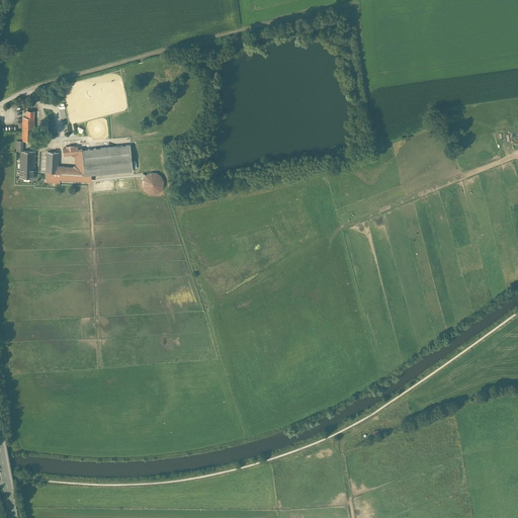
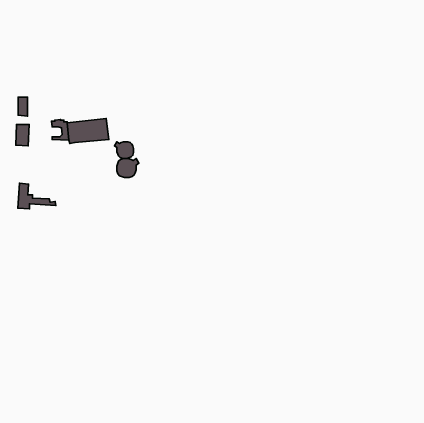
building: [46,153,92,184] -> [18,183,56,209]
building: none -> [117,158,139,178]

